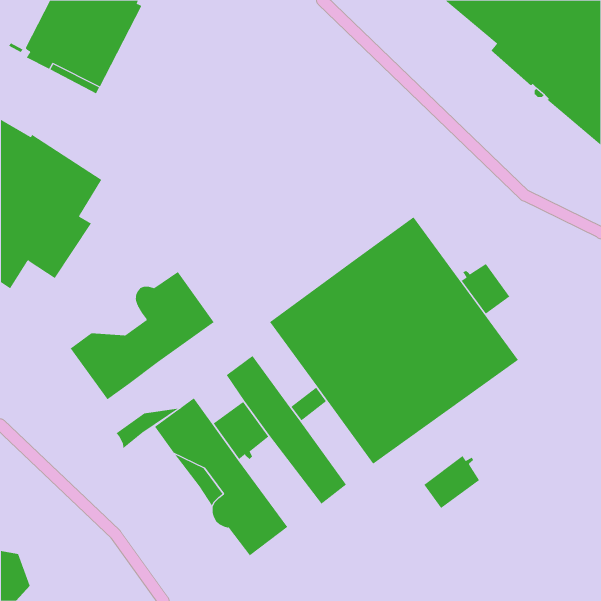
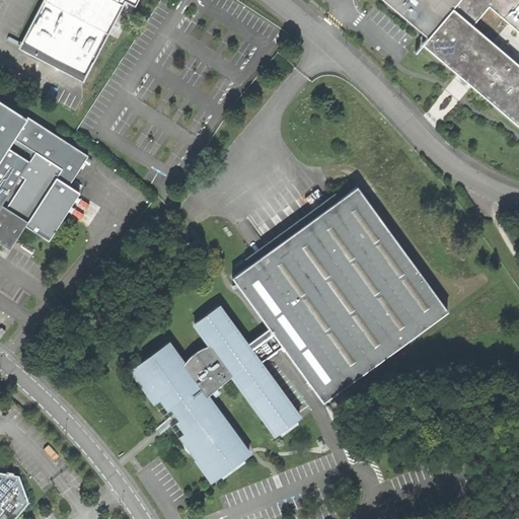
building: [461,263,510,314] -> none
building: [70,271,214,400] -> none
building: [116,407,181,449] -> none
building: [423,455,480,509] -> none

